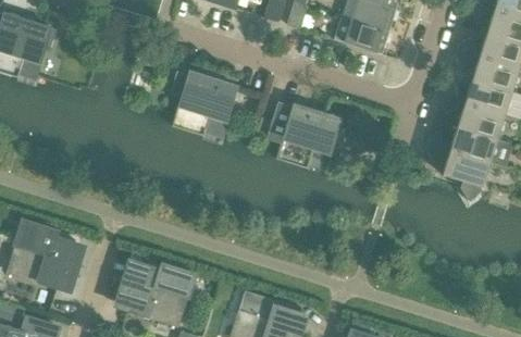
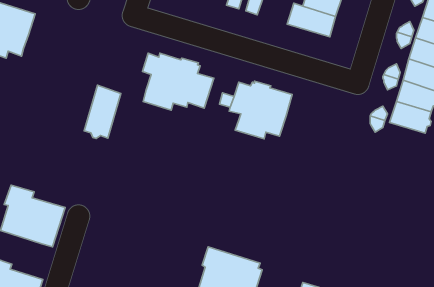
building: none -> [84,85,121,138]
building: [442,150,489,201] -> none
building: [115,260,195,323] -> none

